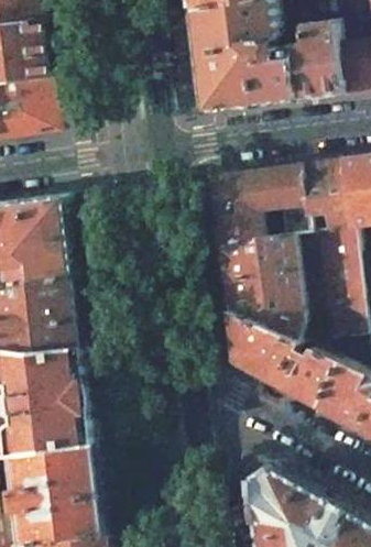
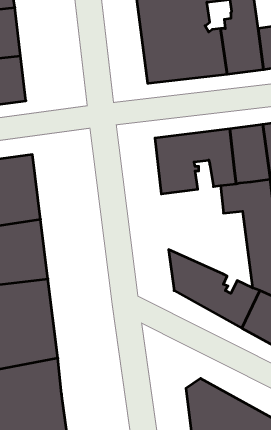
building: [217,233,303,340] -> none

